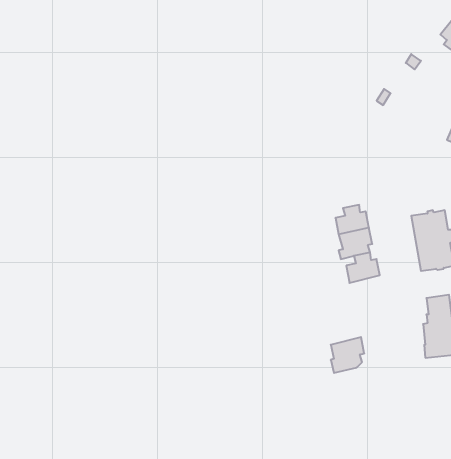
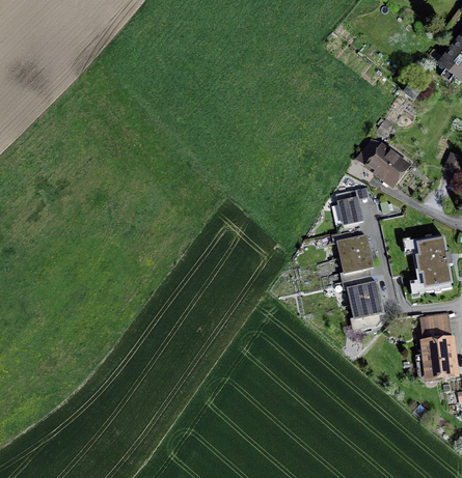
building: none -> [360,141,406,181]
building: none -> [337,196,362,232]
building: [331,337,364,373] -> [351,296,383,330]

